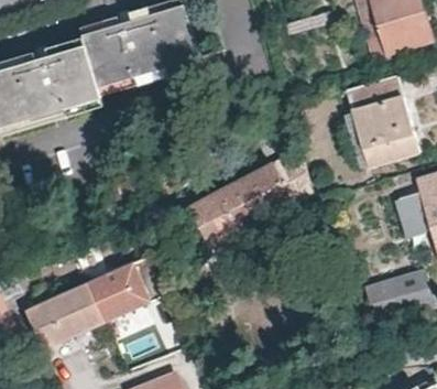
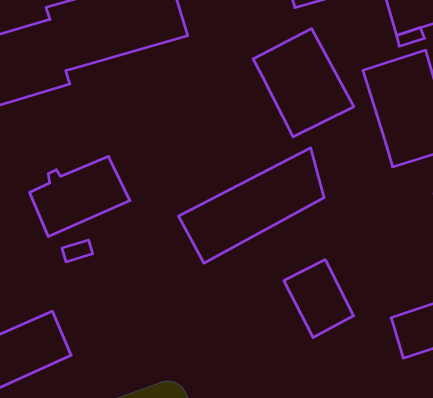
building: none -> [253,29,354,137]
building: none -> [284,260,354,338]
building: [87,253,170,320] -> [30,156,130,237]

